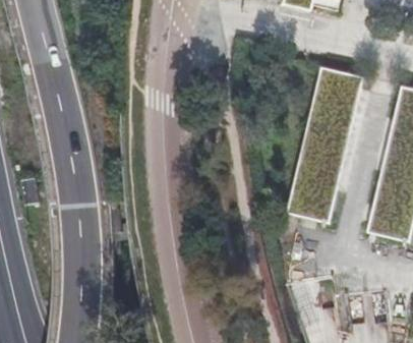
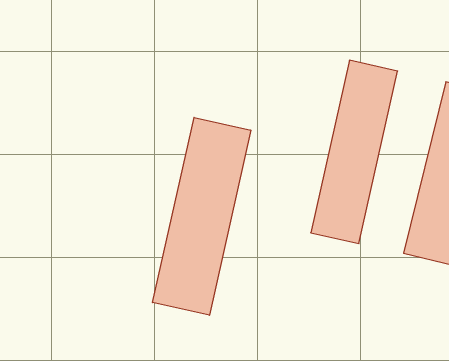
building: none -> [153,117,251,315]

